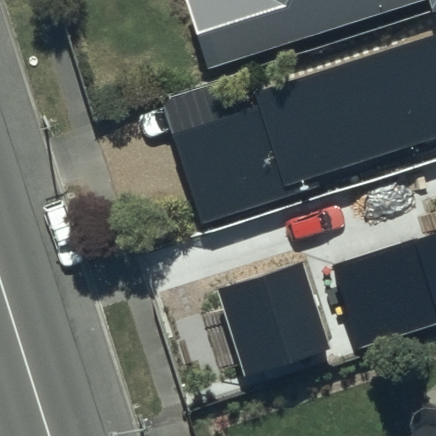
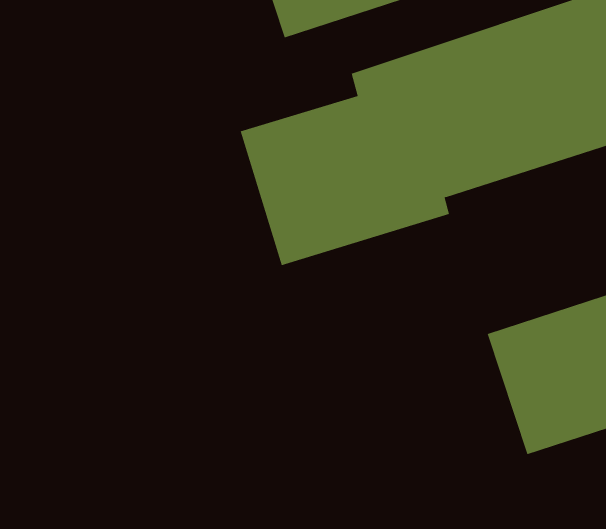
building: [226,260,344,378] -> none

